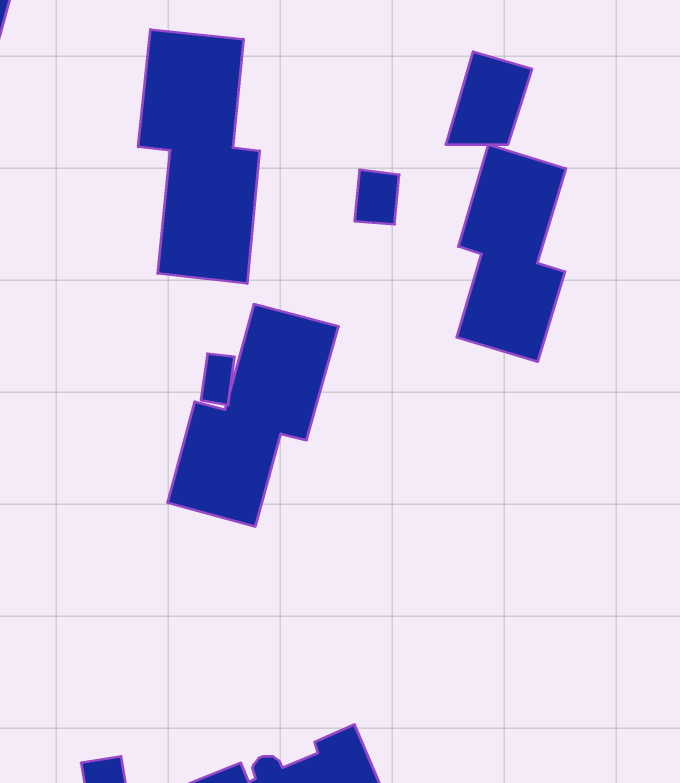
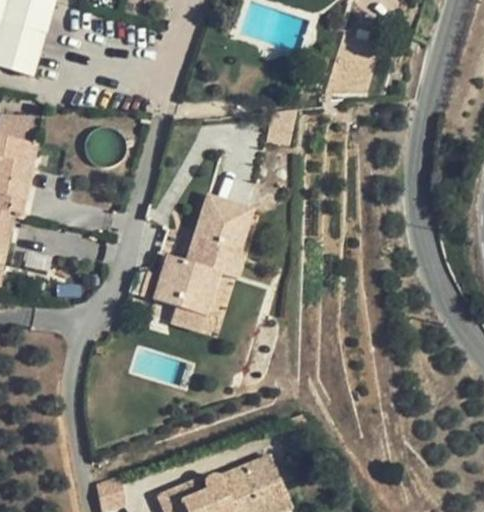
building: [138,29,260,284] -> none
building: [457,144,566,362] -> none

